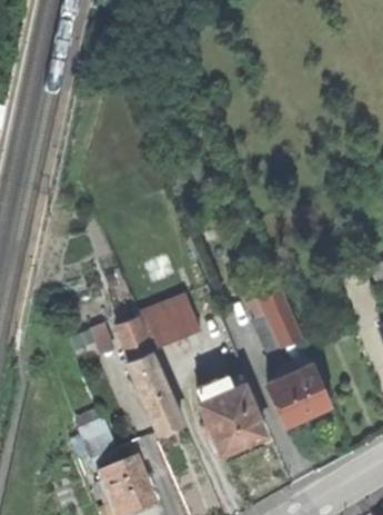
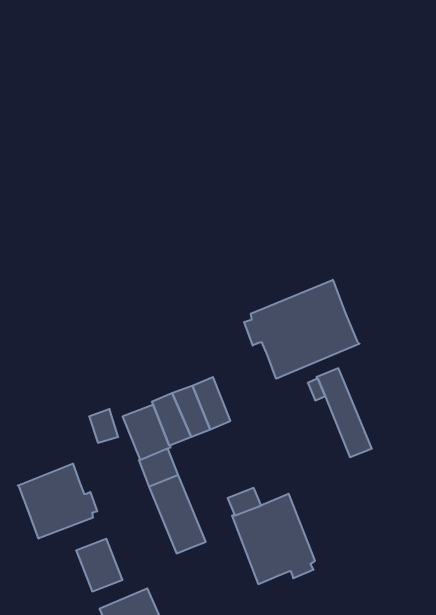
building: none -> [244,280,360,379]
building: none -> [18,464,97,539]
building: [268,362,331,422] -> none

